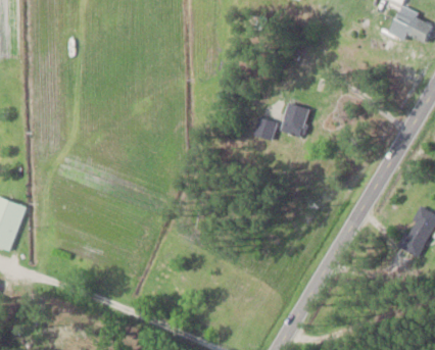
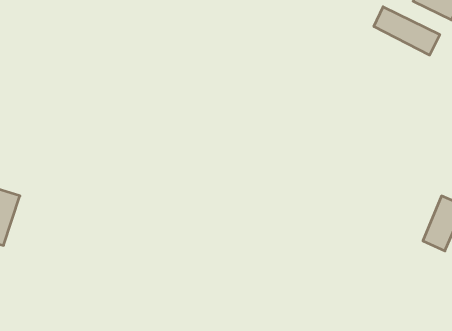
building: none -> [374,7,440,55]
building: [257,103,309,144] -> none

